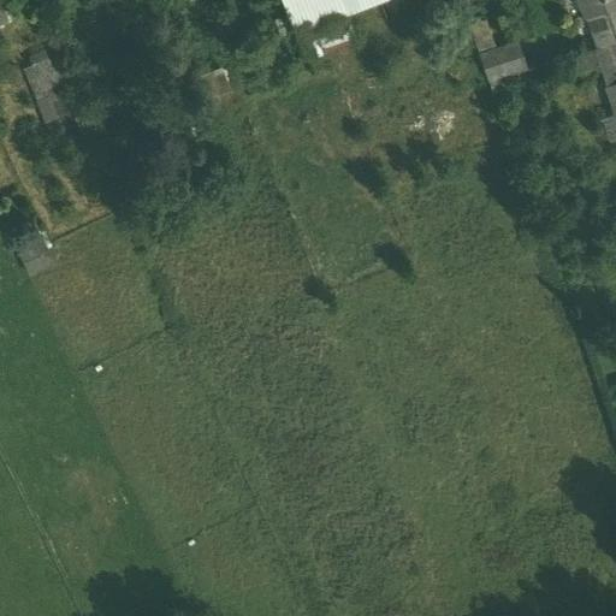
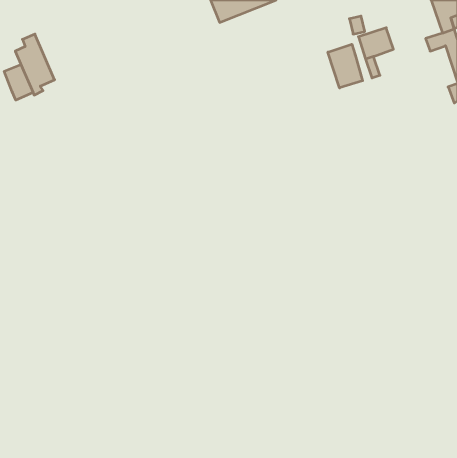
building: none -> [328,44,363,88]
building: none -> [4,64,33,100]

